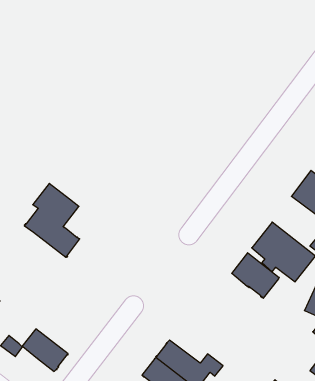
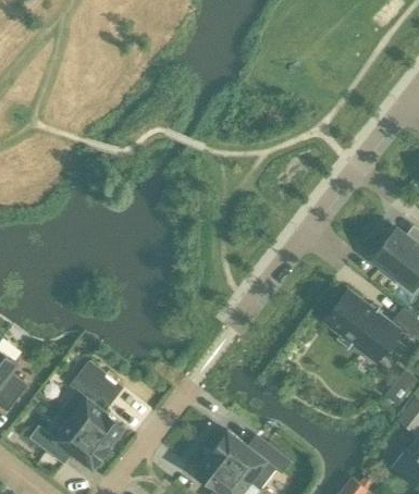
building: [24,183,80,257] -> [60,361,125,448]
building: [232,253,279,298] -> none

